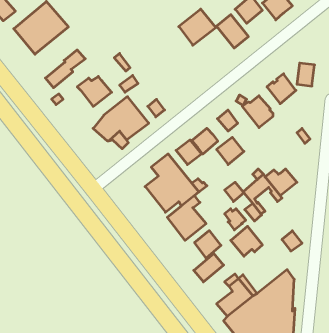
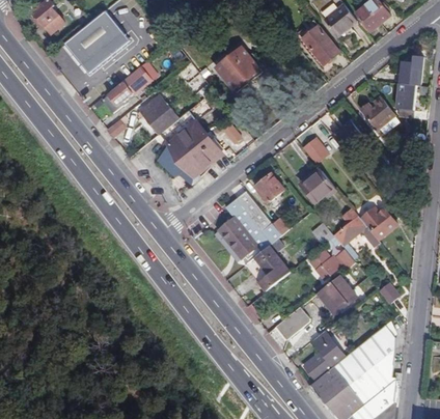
building: [179,9,216,45] -> [216,48,259,90]
building: none -> [400,58,422,85]
building: [192,128,218,154] -> none
building: [195,231,221,258] -> none

